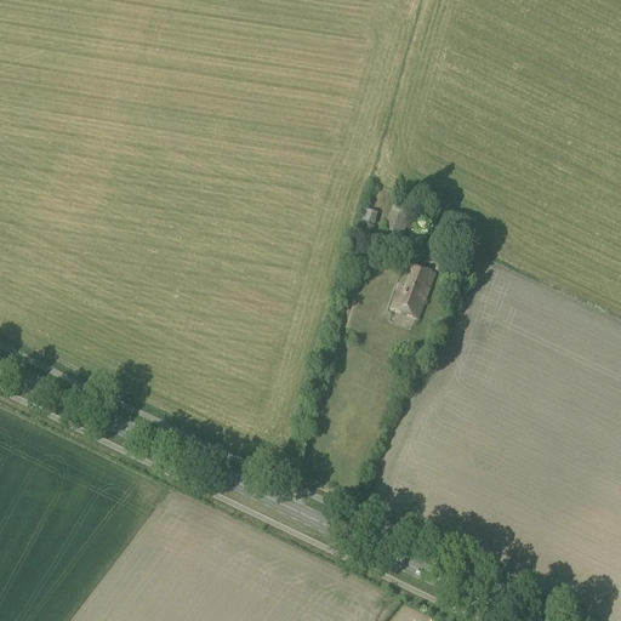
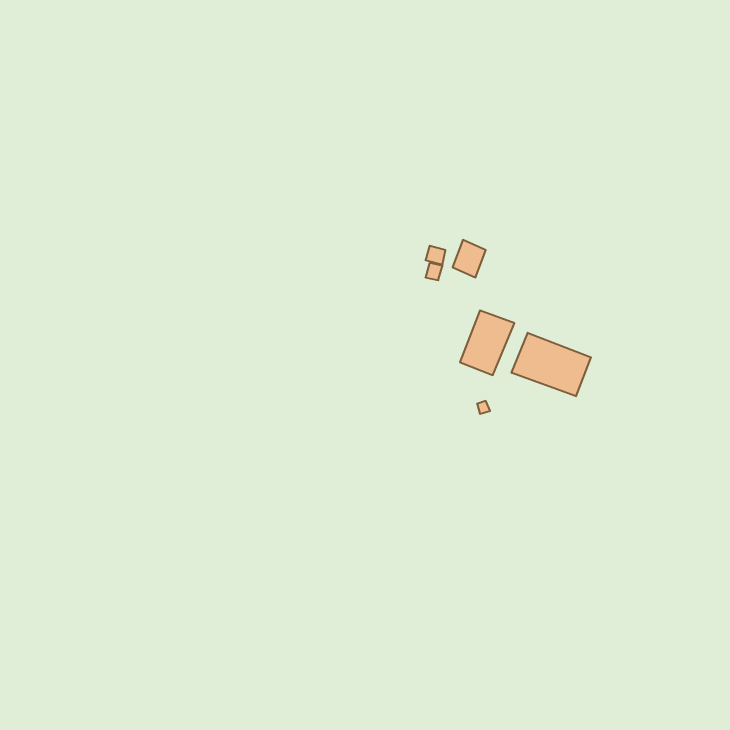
building: none -> [512,333,591,396]

